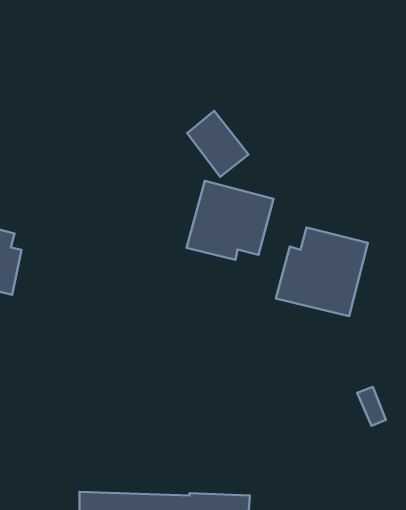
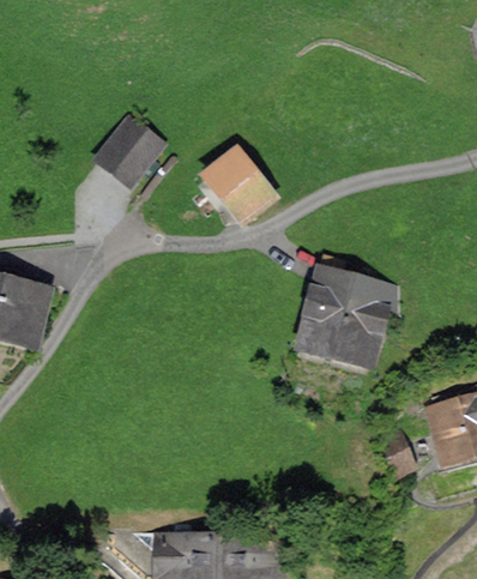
building: none -> [102,125,158,181]
building: [187,181,274,260] -> none

